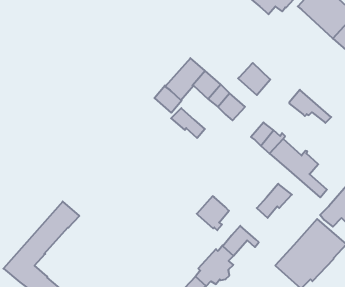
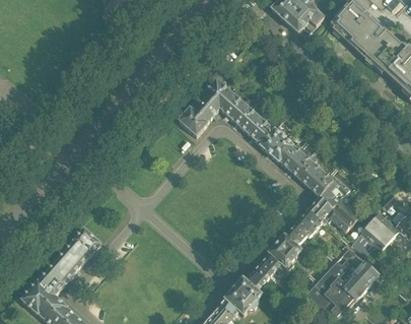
building: [238,63,270,95] -> [260,128,293,161]
building: [289,90,331,123] -> [309,195,352,230]
building: [171,108,205,138] -> none
building: [197,196,229,230] -> [268,234,301,269]

